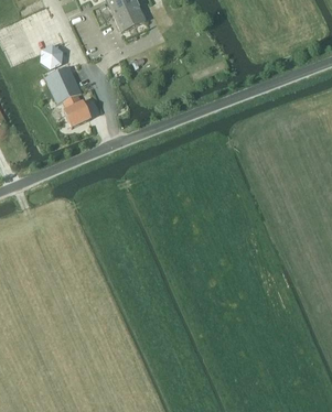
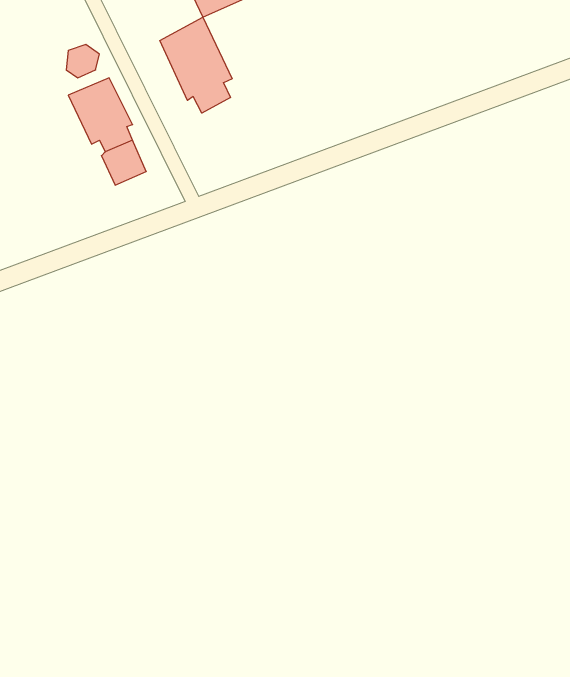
building: none -> [160,17,232,113]

